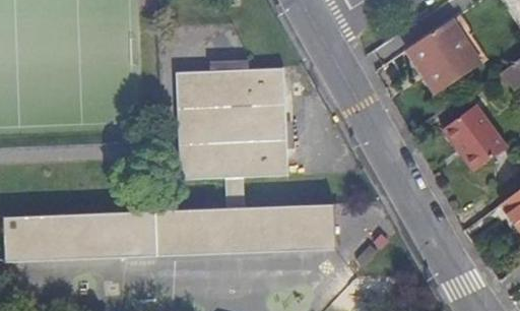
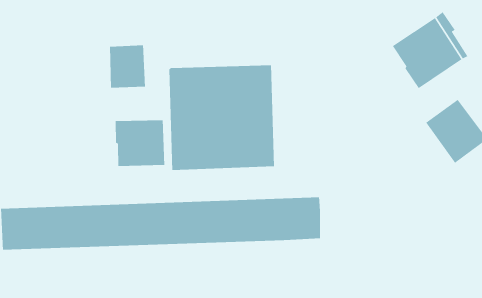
building: none -> [109,45,146,89]
building: none -> [115,119,165,167]

